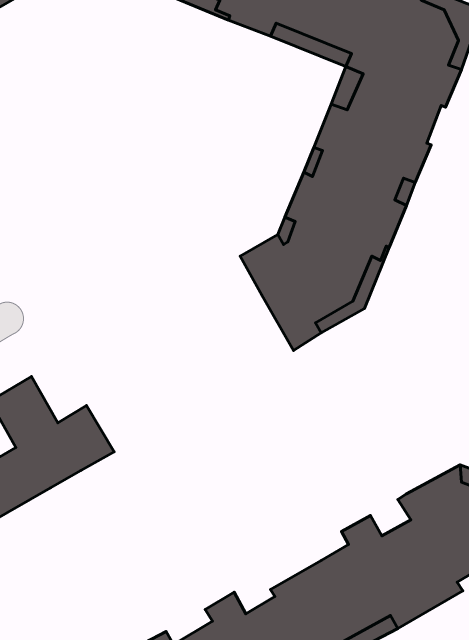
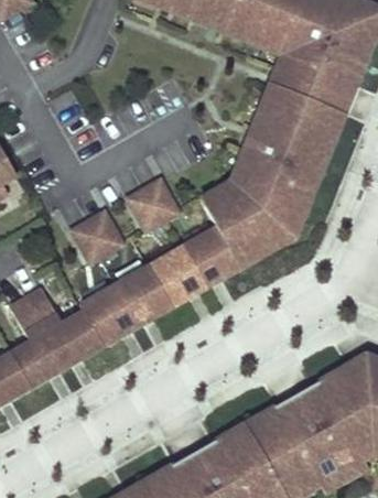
building: none -> [128,178,177,228]
building: none -> [73,210,121,260]
building: none -> [79,226,240,345]

